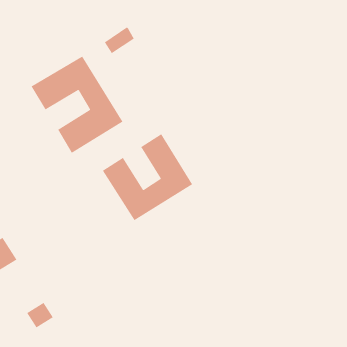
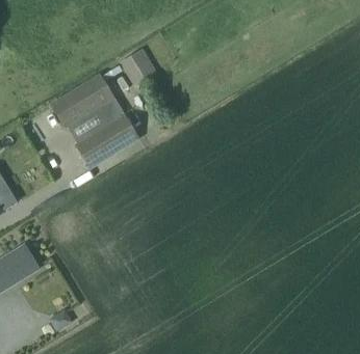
building: [102,133,193,221] -> none

